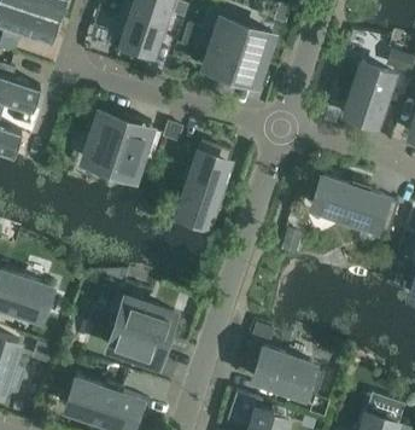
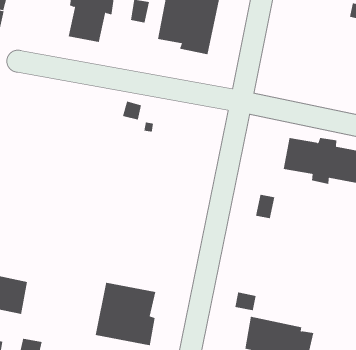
building: [338,63,392,126] -> none
building: [83,114,152,179] -> none
building: [177,143,232,226] -> none

